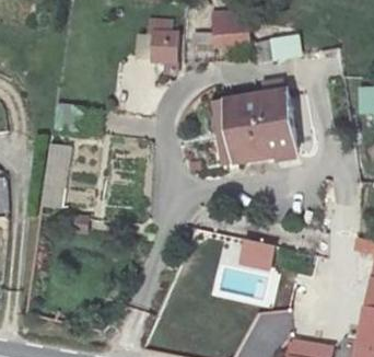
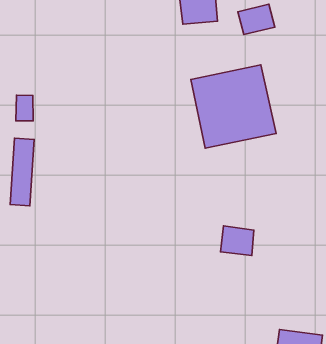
building: [149,30,178,65] -> none

